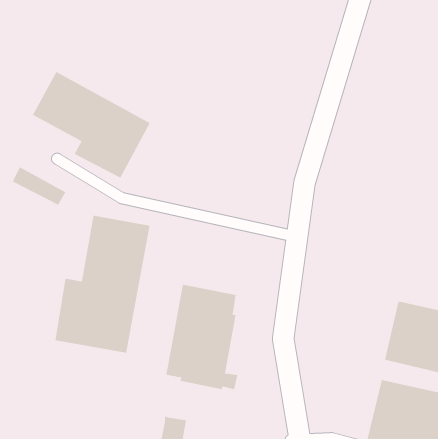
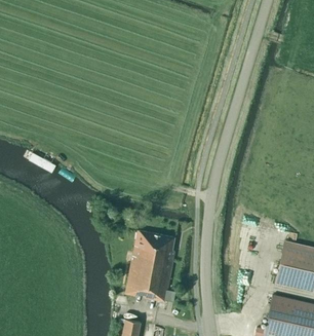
building: [32,71,151,179] -> none
building: [55,215,150,354] -> none

